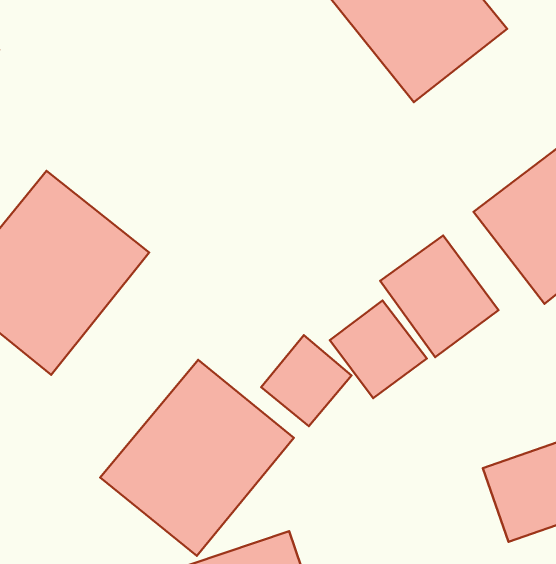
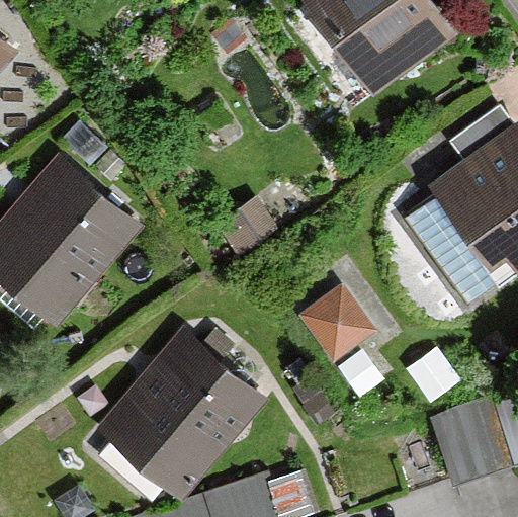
building: [380,235,499,357] -> none
building: [261,335,351,426] -> none

